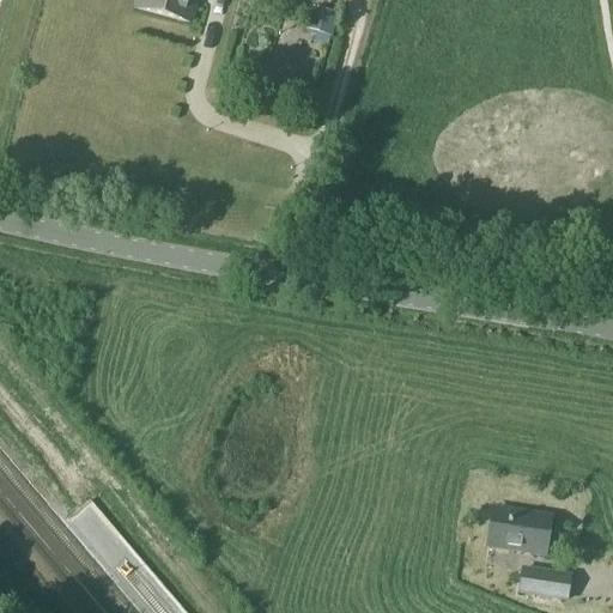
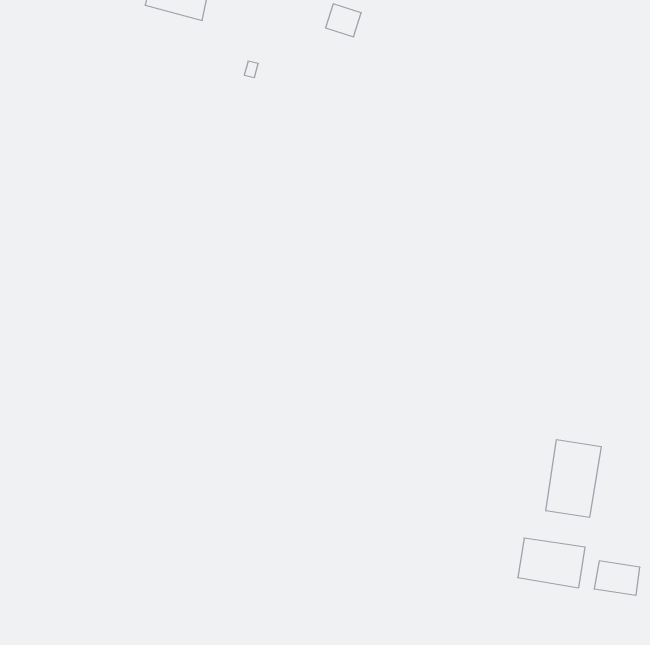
building: none -> [546,440,601,517]
building: [528,566,571,599] -> [594,561,640,595]

